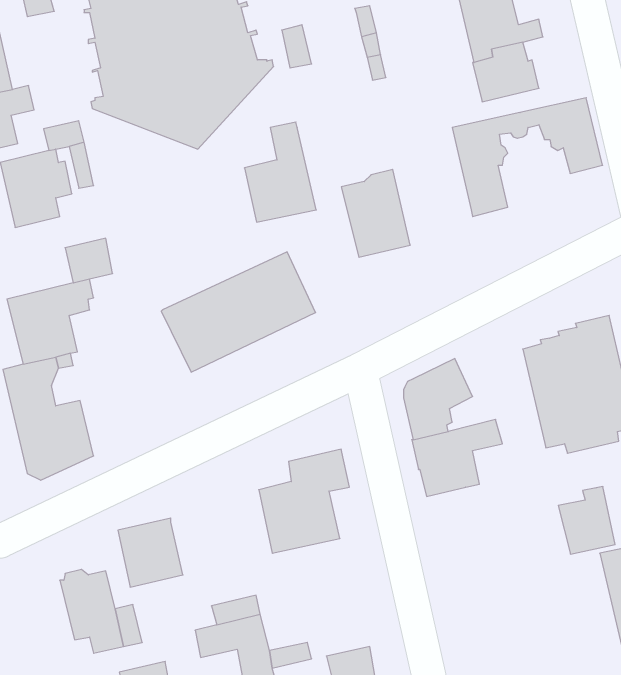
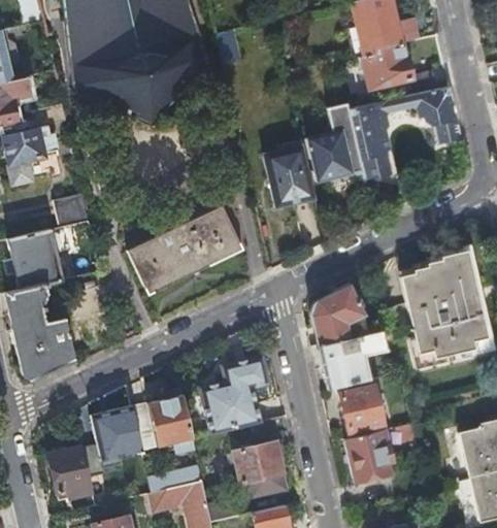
building: [244,122,316,222] -> [307,104,362,180]
building: [558,487,615,554] -> [339,380,383,431]
building: none -> [133,396,195,453]
building: none -> [343,429,393,482]
building: none -> [232,440,286,496]

